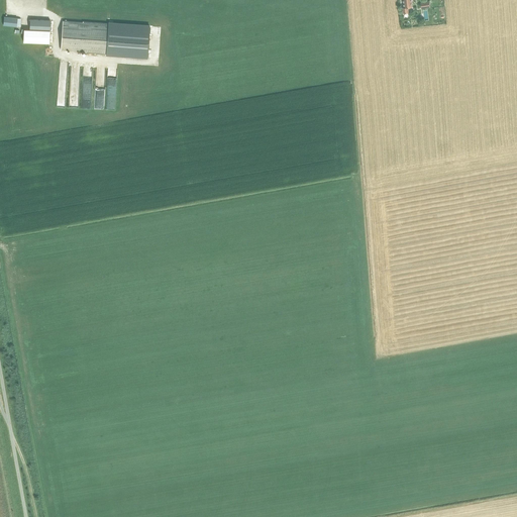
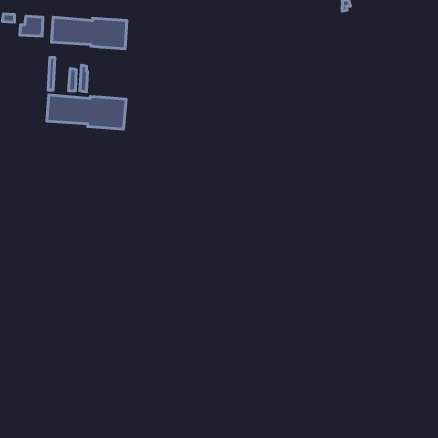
building: none -> [47,95,126,129]

